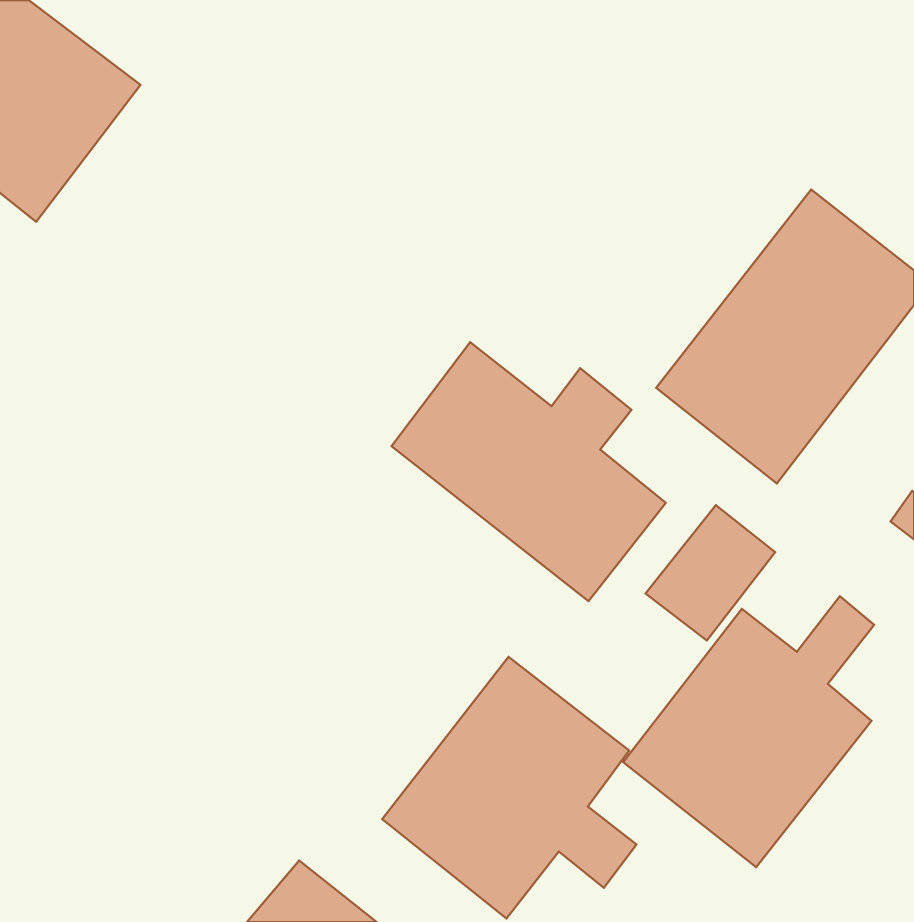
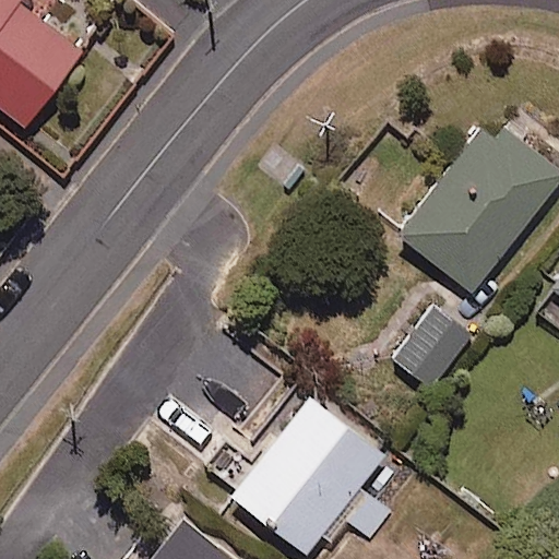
building: [391,342,666,601] -> none
building: [623,596,874,867] -> none

